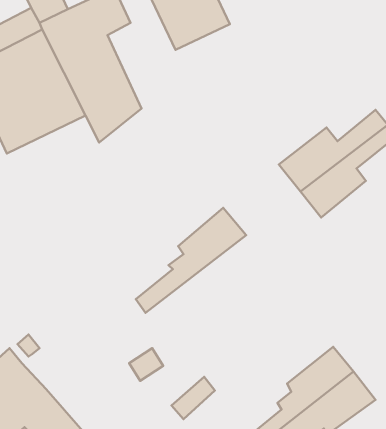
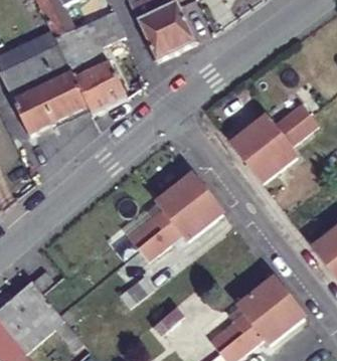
building: none -> [133,194,221,260]

